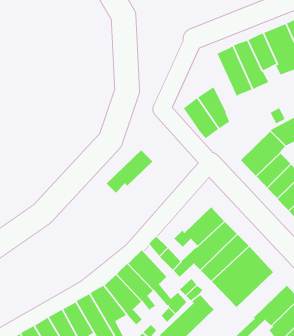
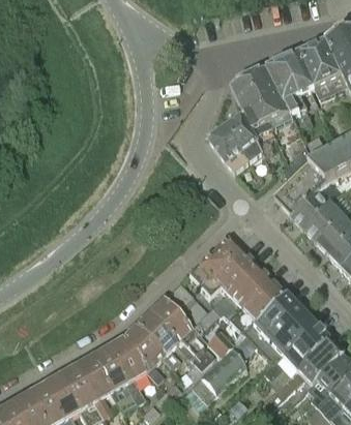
building: none -> [229,73,272,135]
building: [106,150,153,193] -> [186,234,240,283]
building: none -> [262,322,326,378]

